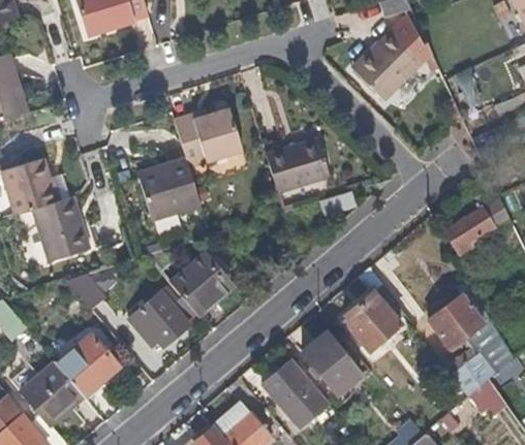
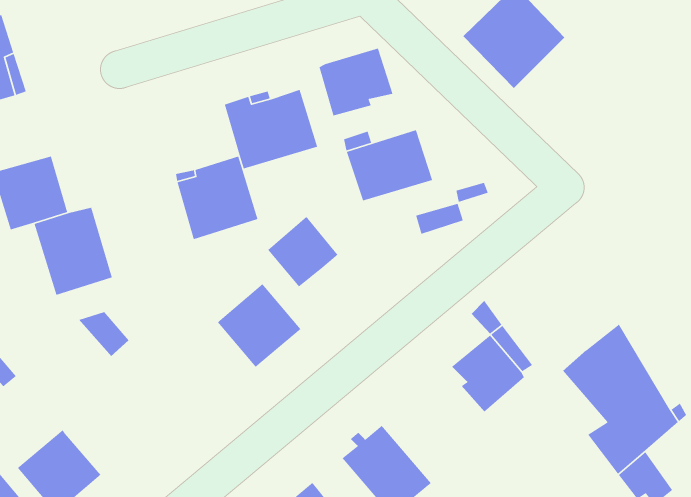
building: none -> [319,47,394,117]
building: [446,186,495,252] -> none
building: none -> [267,216,339,288]
building: [128,286,188,346] -> none
building: [302,331,361,392] -> none
building: [57,333,120,399] -> none

